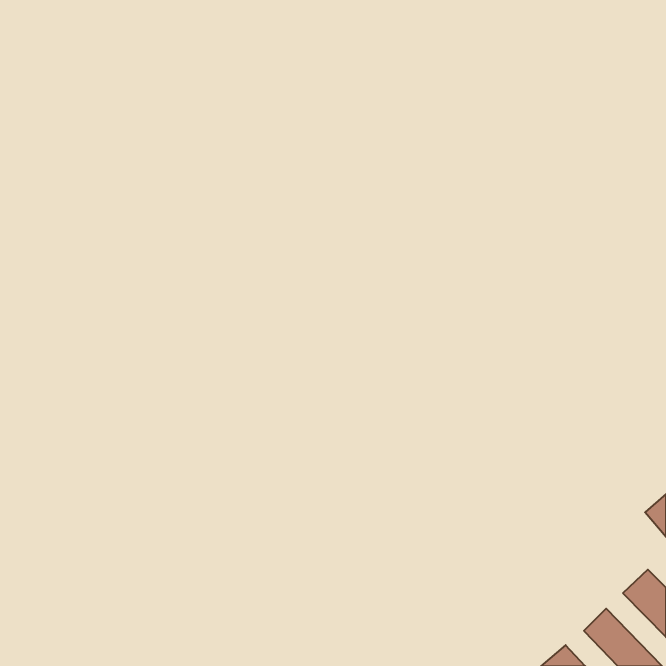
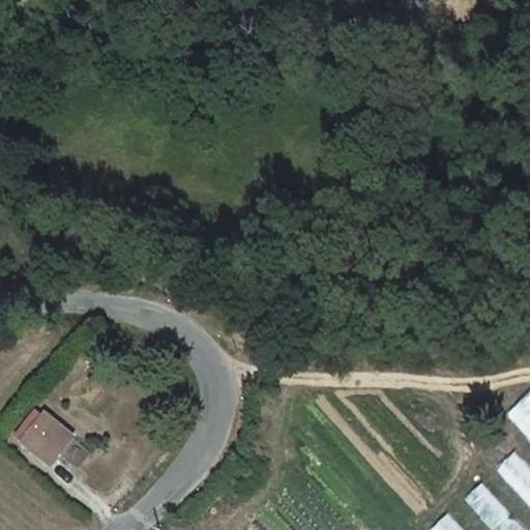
building: none -> [27,414,75,464]

